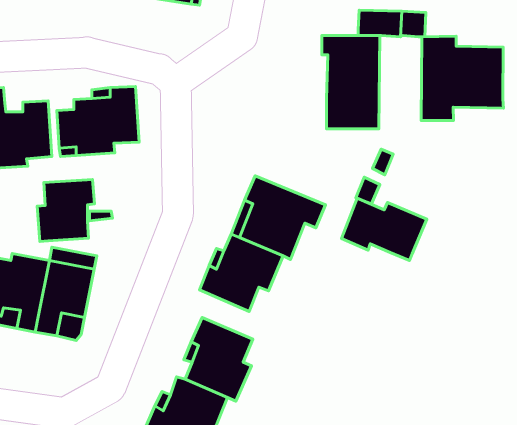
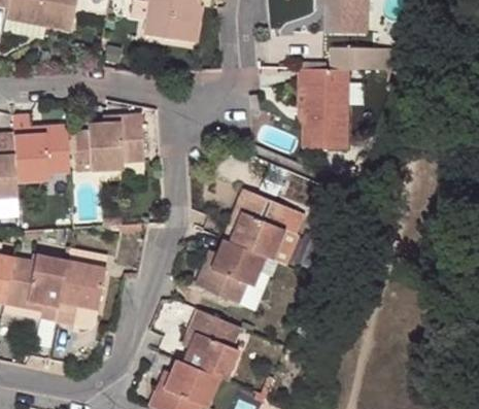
building: [421,36,504,120] -> none
building: [37,179,95,241] -> none
building: [341,198,427,261] -> none

